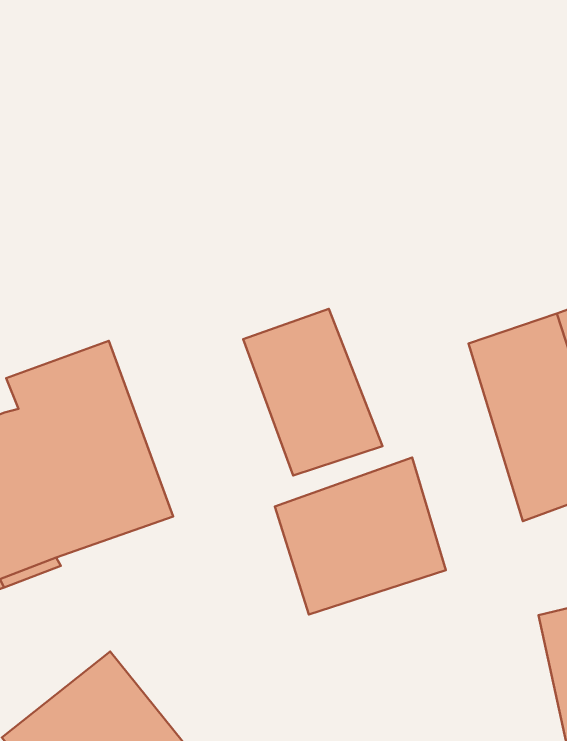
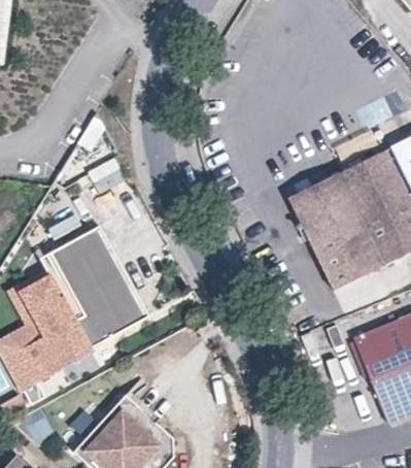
building: [243,309,383,476] -> none
building: [275,458,446,615] -> none

